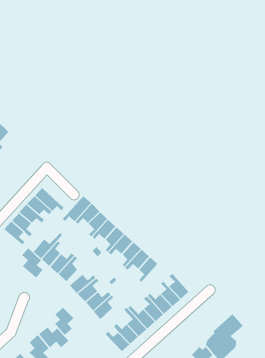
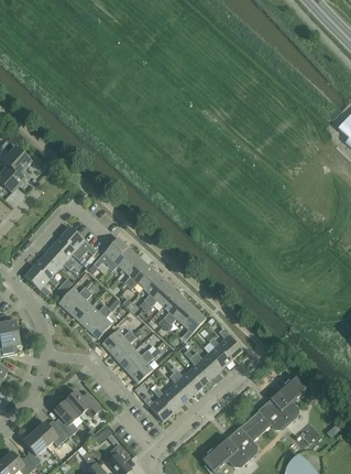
building: [21,248,43,278] -> none
building: [54,307,74,336] -> none

